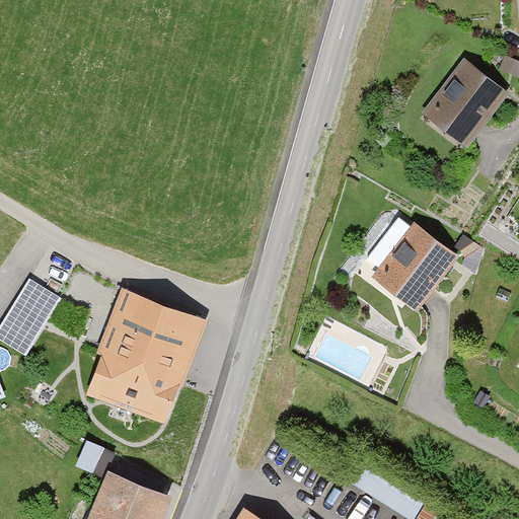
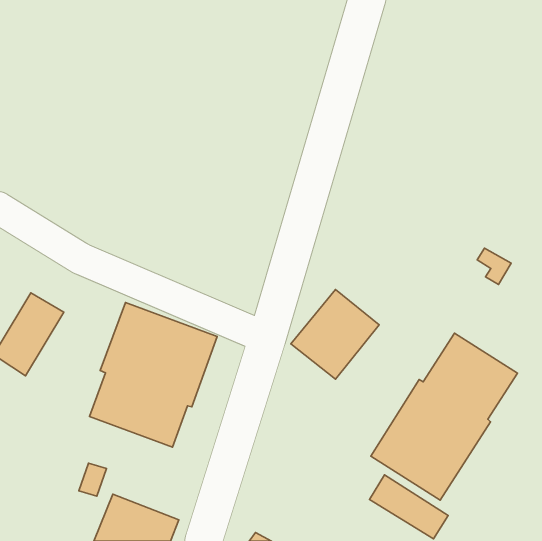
building: [421,58,509,148] -> none
building: [372,225,456,310] -> [291,290,379,379]
building: none -> [371,333,517,500]

